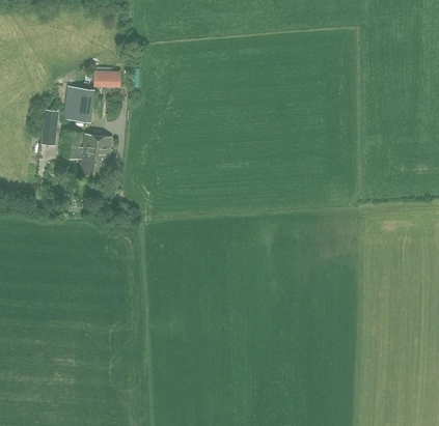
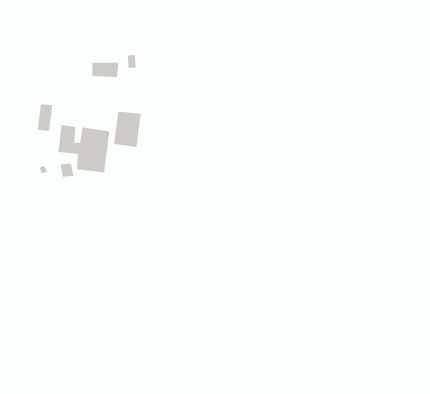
building: [64,87,91,121] -> [113,111,142,147]

